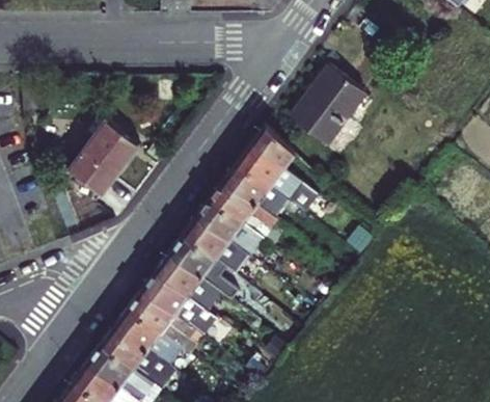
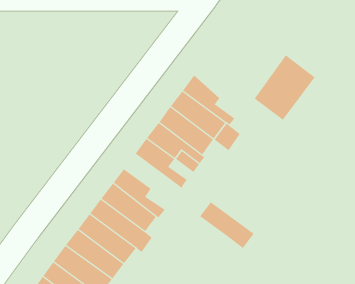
building: [291,71,363,149] -> [254,55,316,121]
building: [62,119,135,195] -> none
building: [183,221,248,277] -> [199,201,255,249]

